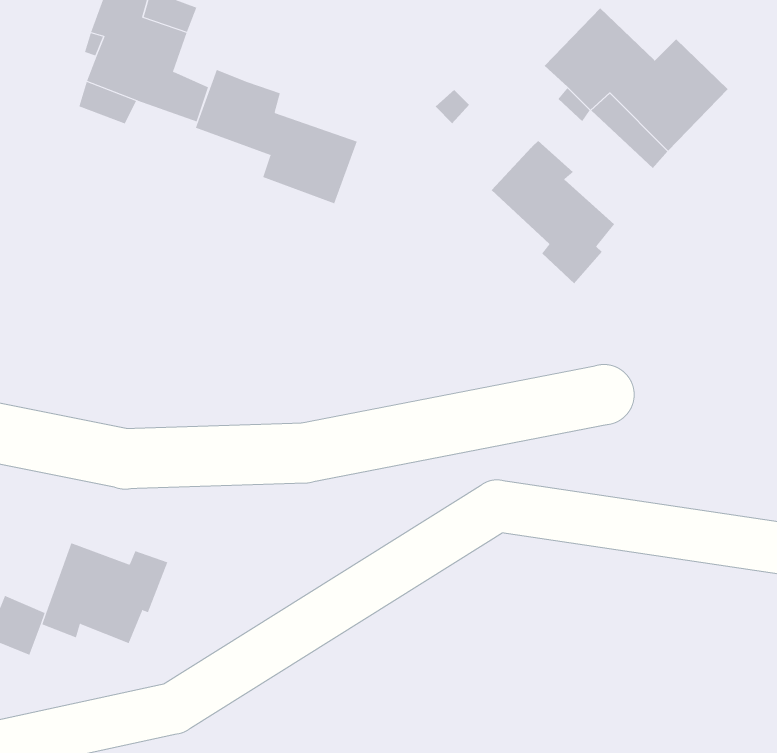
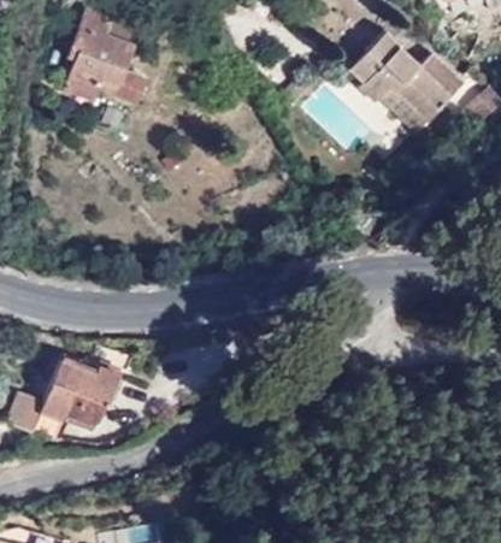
building: [195,69,357,204] -> none
building: [491,140,615,284] -> none

